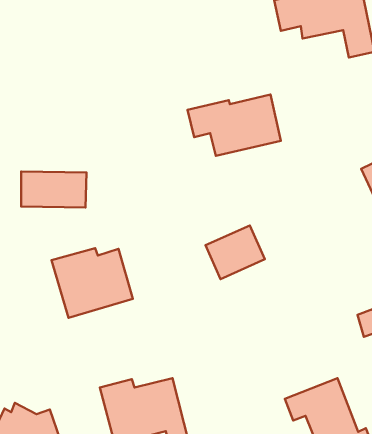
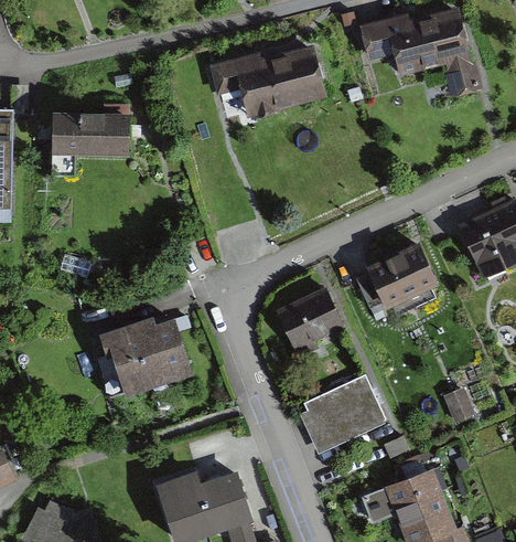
building: [187,95,281,156] -> [212,46,321,118]
building: [21,172,86,207] -> [45,110,121,152]
building: none -> [363,241,434,305]
building: none -> [300,375,388,455]

